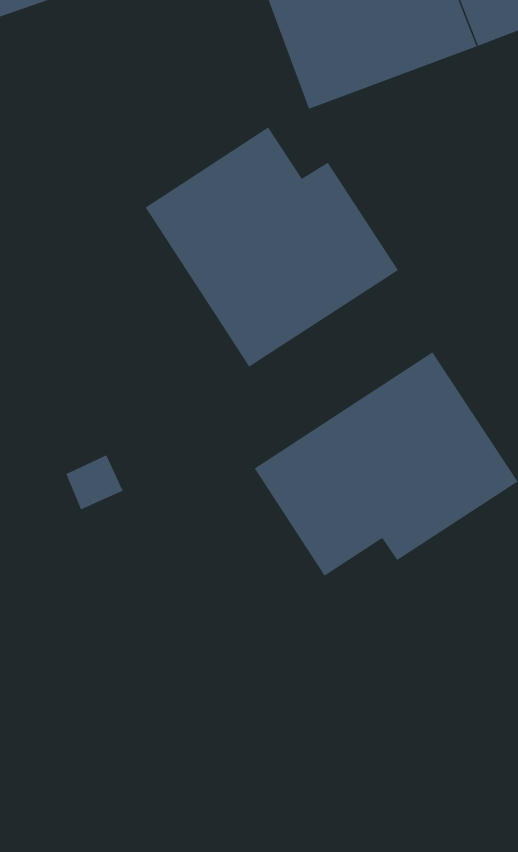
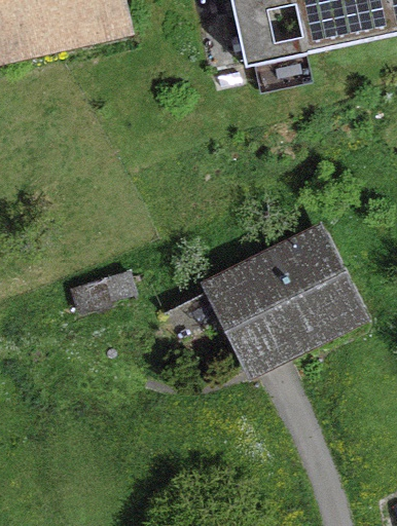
building: [145,127,399,367] -> none

